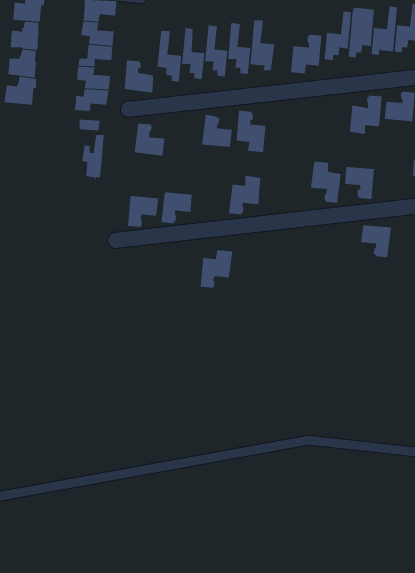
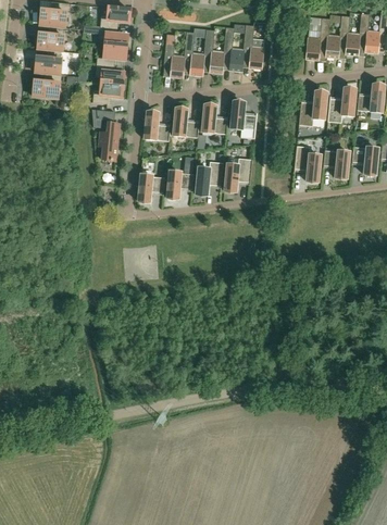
building: [290,34,322,74] -> [299,92,326,126]
building: [124,60,154,93] -> [173,110,199,138]
building: [360,225,392,258] -> [351,147,378,175]
building: [200,250,233,288] -> [196,162,224,195]

